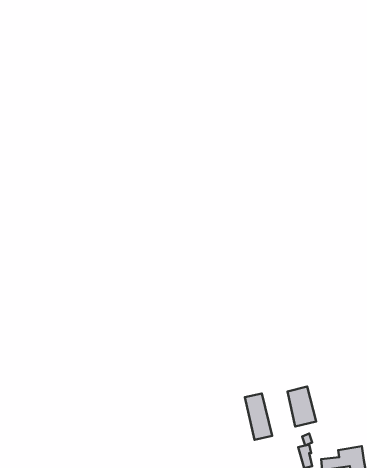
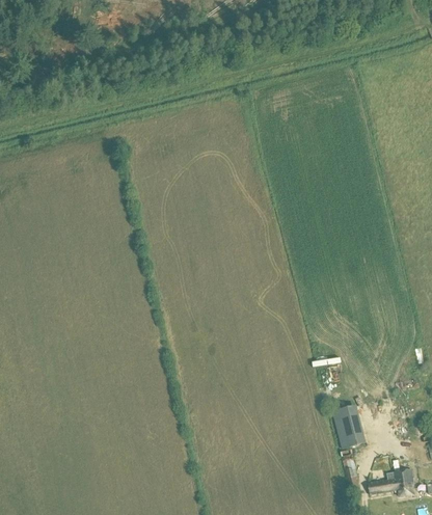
building: [245,393,272,440] -> none

